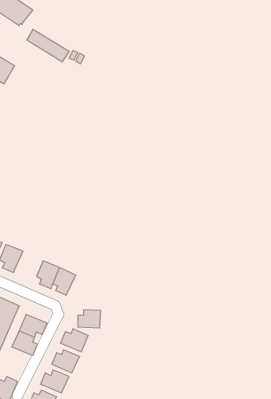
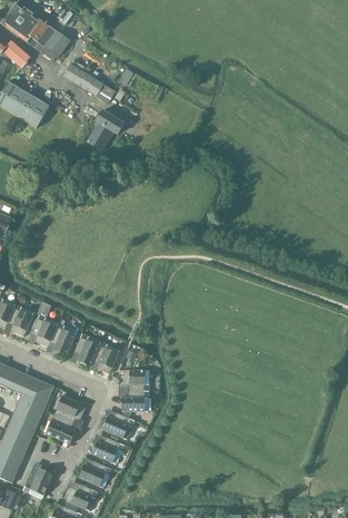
building: none -> [87,110,125,150]
building: none -> [50,322,77,354]
building: none -> [122,369,149,391]

